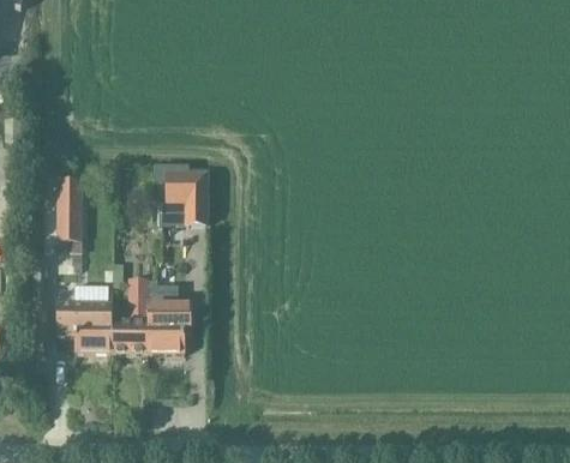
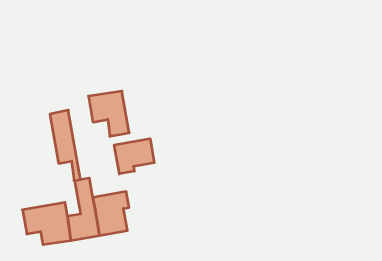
building: [56,176,80,266] -> [50,110,81,181]
building: none -> [114,139,154,174]

